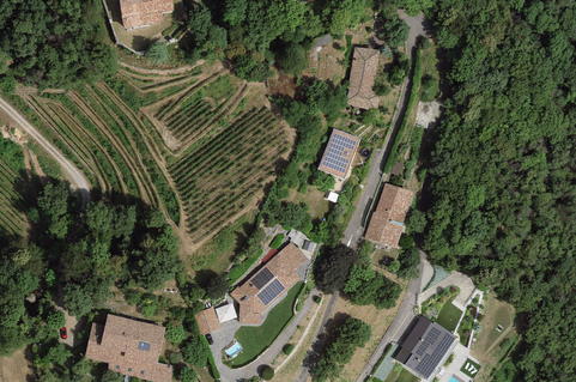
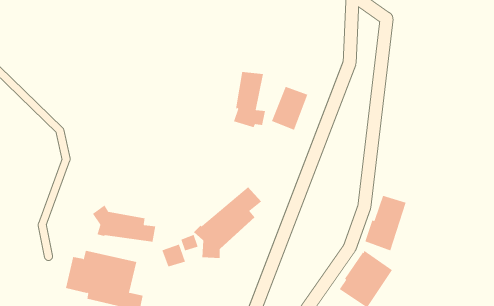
building: [344,47,381,110] -> [233,72,266,128]
building: [364,183,412,247] -> [364,195,407,251]
building: none -> [92,204,156,242]

